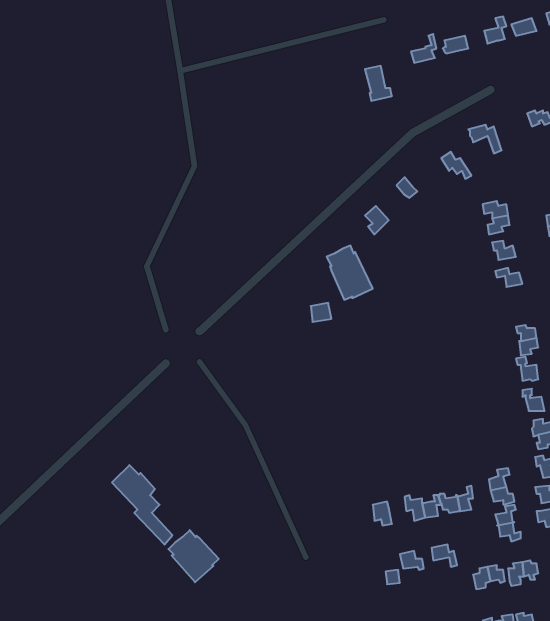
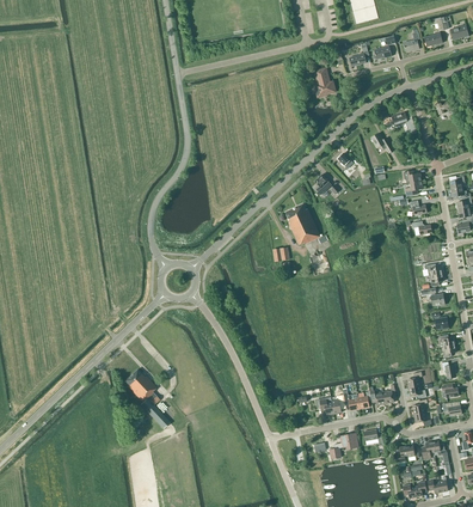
building: [168,530,219,582] -> none

